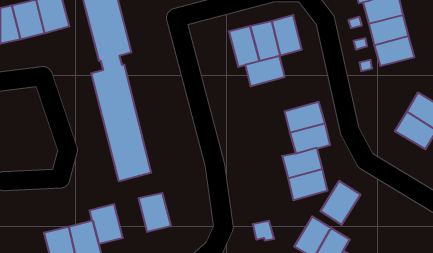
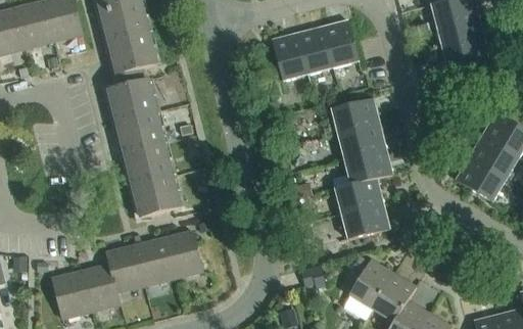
building: [245,56,285,86] -> [332,98,379,134]
building: none -> [456,157,506,201]
building: [320,181,360,225] -> none
building: none -> [136,237,175,284]

